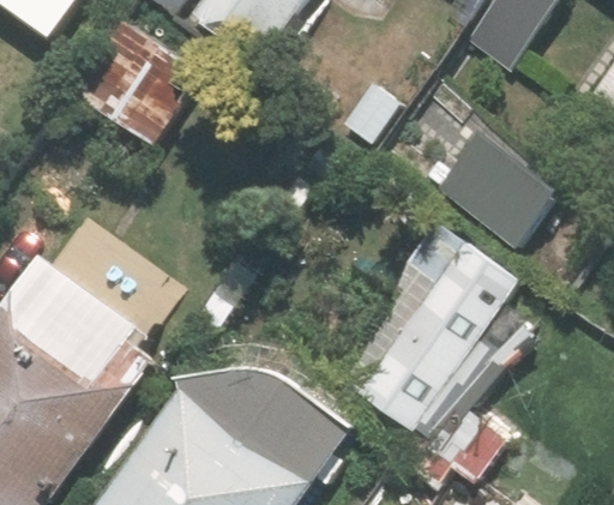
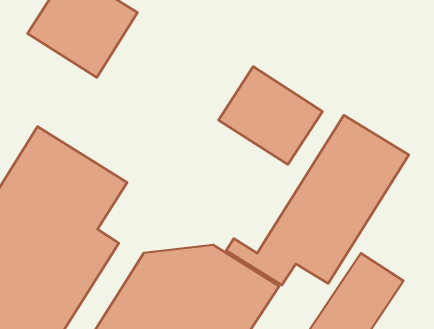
building: [429,120,559,245] -> [218,66,322,164]

